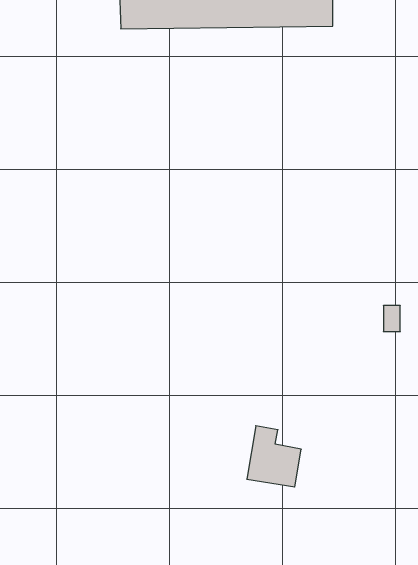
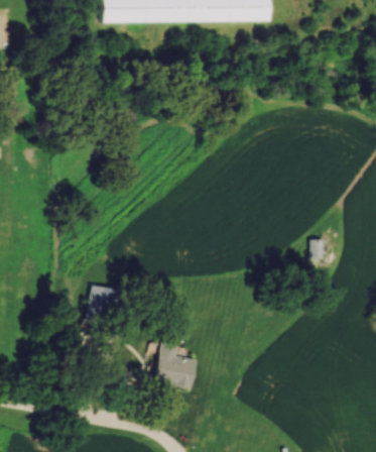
building: none -> [87,284,117,322]
building: [247,426,301,487] -> [153,341,196,388]

